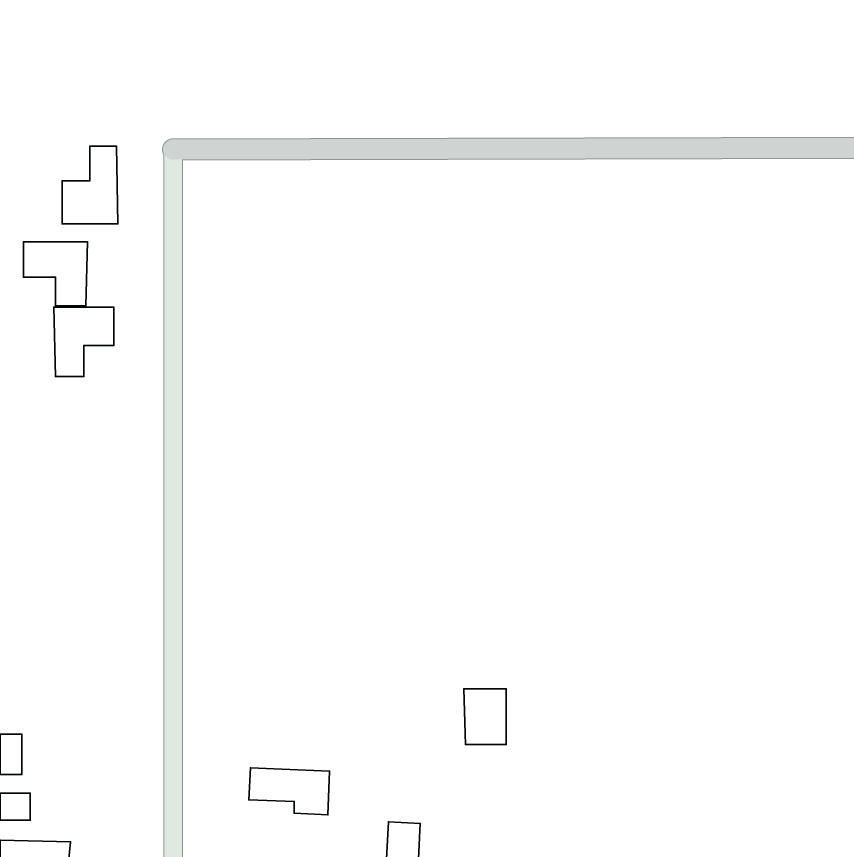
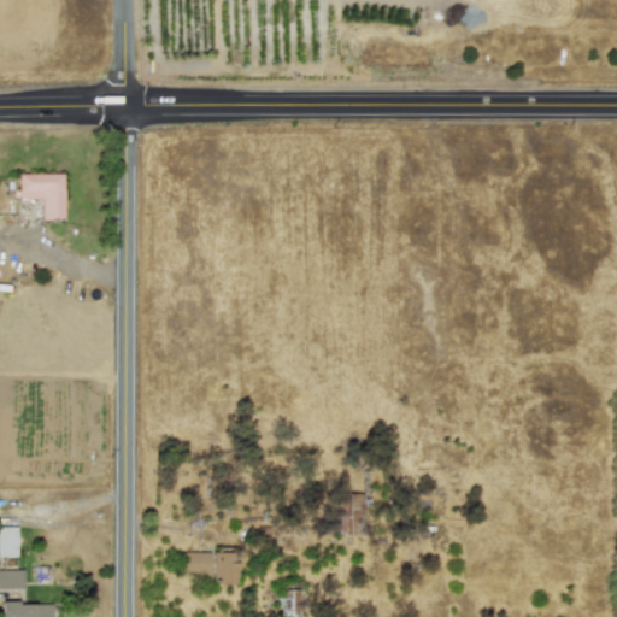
building: [62,146,118,224] -> none
building: [54,307,114,376] -> none

